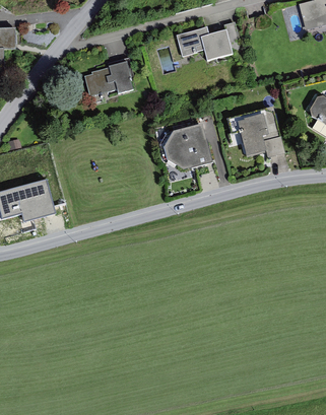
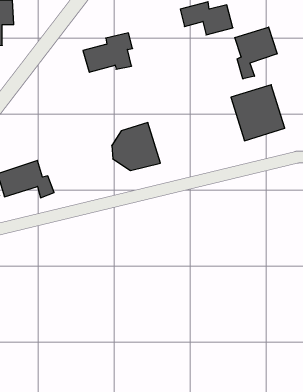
building: none -> [235,27,277,79]
building: [164,123,211,169] -> [112,123,160,170]

